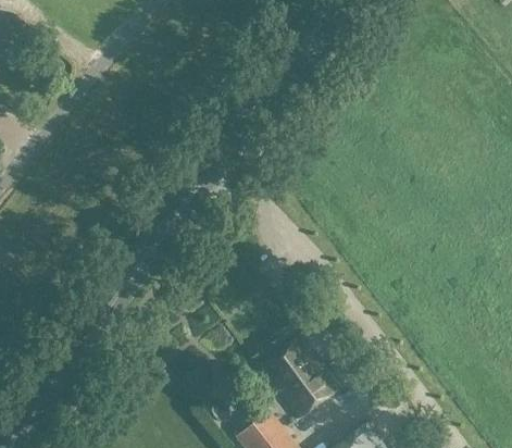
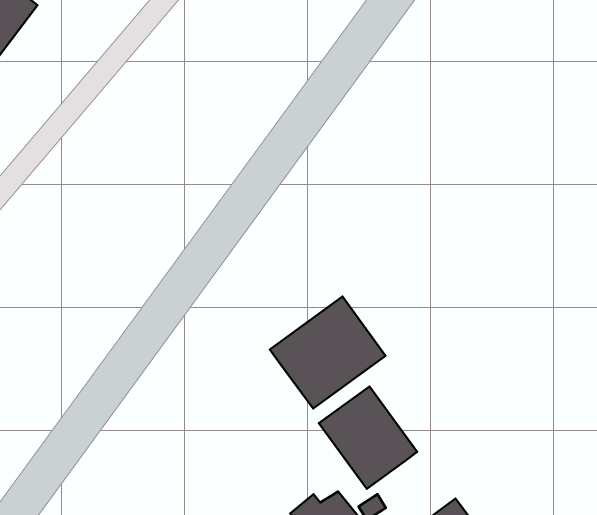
building: none -> [270,297,386,409]

